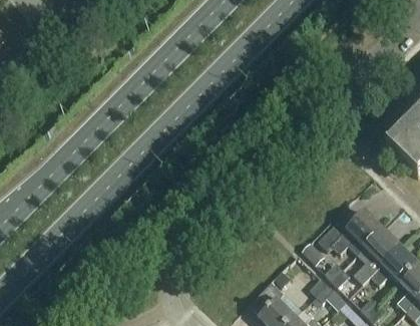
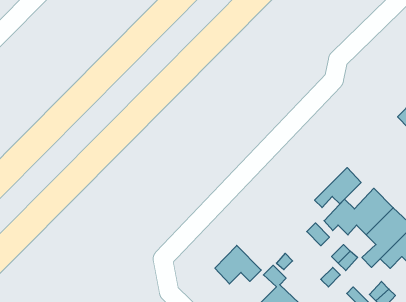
building: none -> [315,168,361,208]
building: none -> [215,245,261,284]

